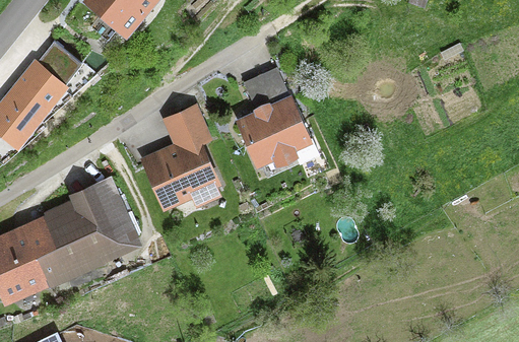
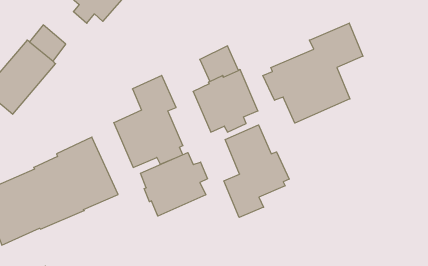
building: none -> [263,23,363,123]
building: none -> [224,125,289,217]
building: none -> [141,153,208,216]

